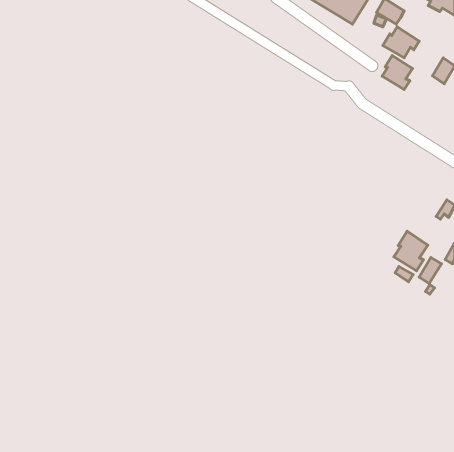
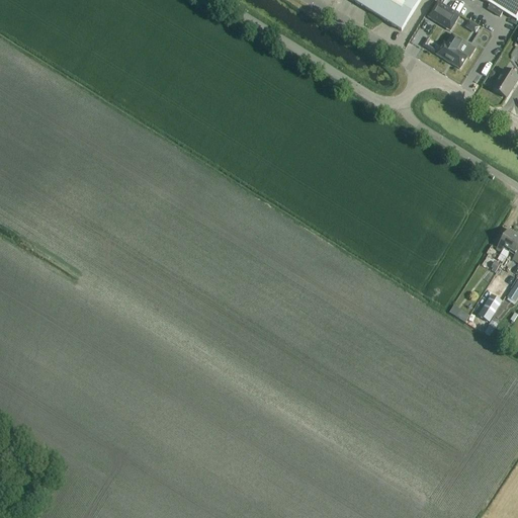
building: [382,56,412,89] -> none
building: [394,231,428,271] -> none

